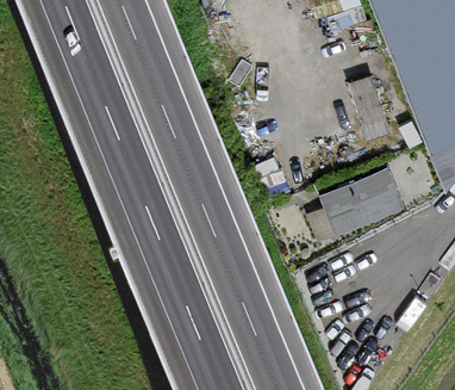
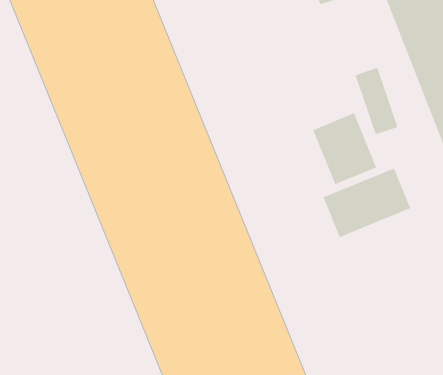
building: none -> [312,112,377,185]

